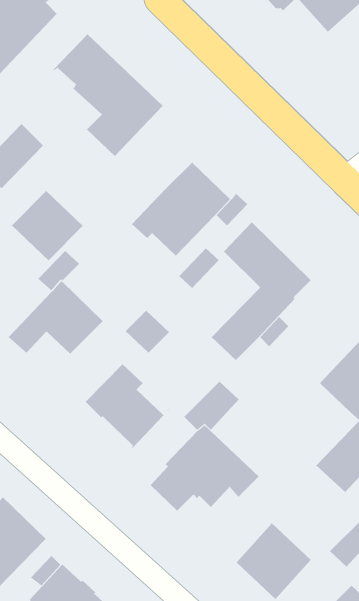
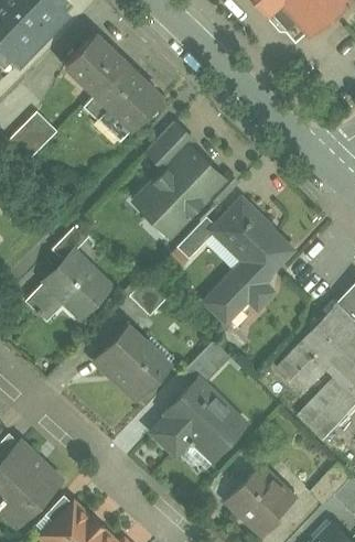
building: none -> [147,123,193,170]
building: [11,190,83,261] -> none
building: none -> [277,344,327,394]

